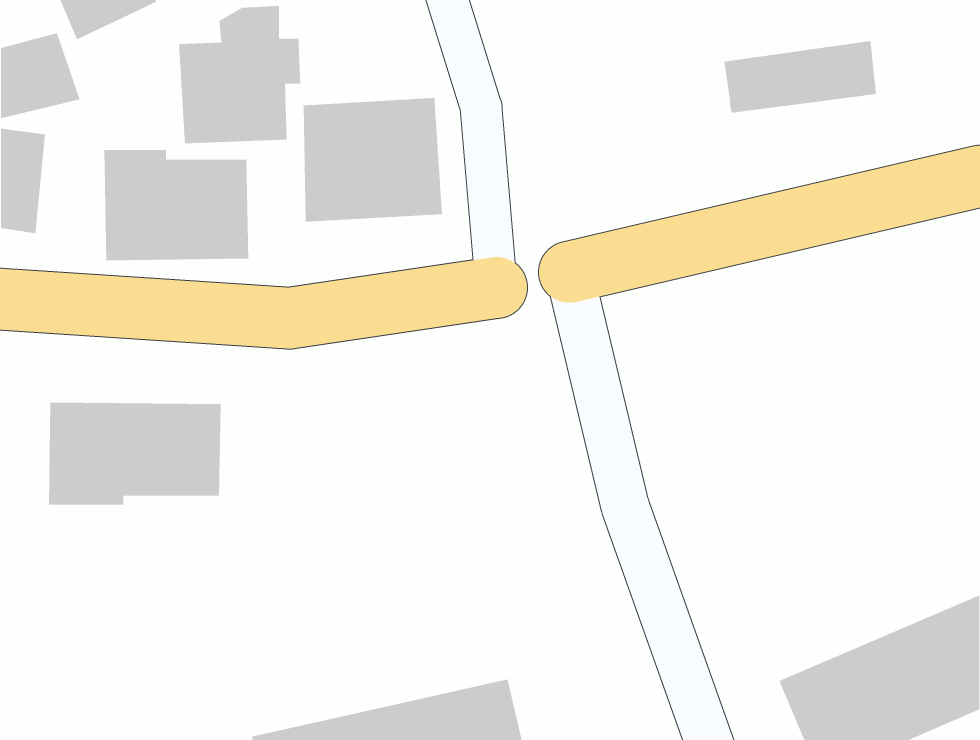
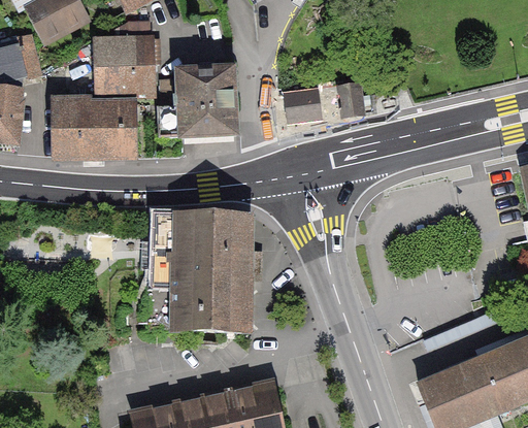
building: [723,40,877,113] -> [284,80,366,120]
building: none -> [150,215,251,329]
building: [49,402,221,505] -> none

